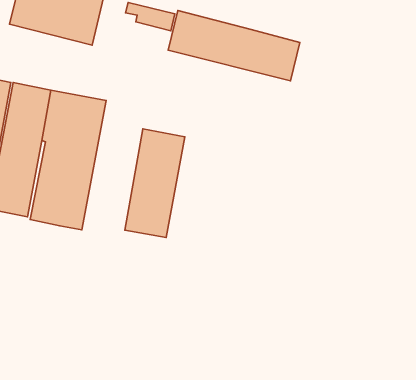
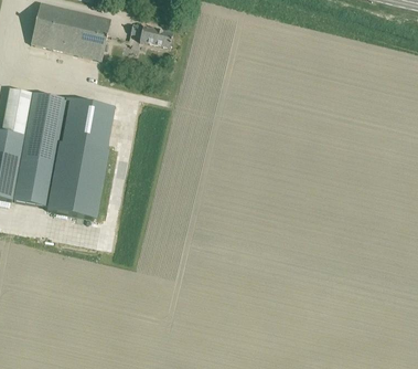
building: [168,11,300,81] -> none
building: [125,129,185,237] -> none

